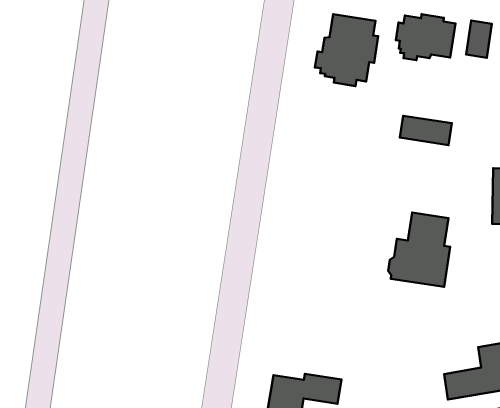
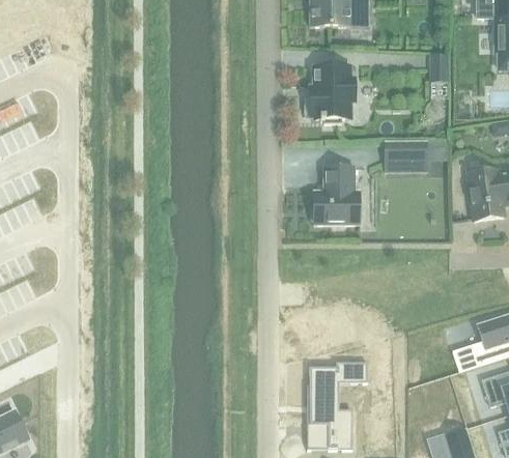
building: [396,14,456,60] -> none
building: [388,212,450,287] -> [310,165,359,223]

